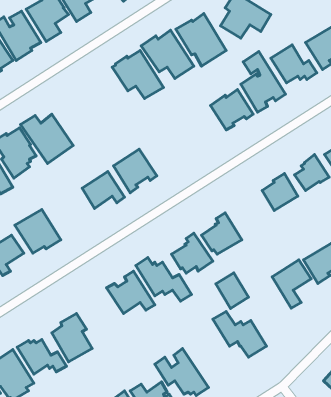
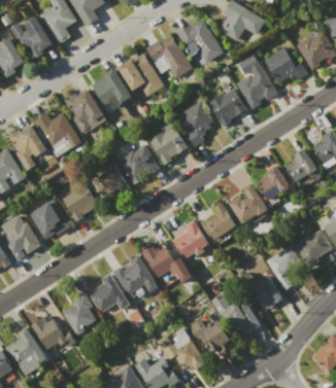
building: none -> [91,68,133,108]
building: none -> [65,90,107,135]
building: none -> [180,101,213,146]
building: none -> [149,121,190,165]
building: none -> [229,182,268,224]
building: none -> [63,184,98,221]
building: [216,273,248,309] -> [253,276,282,309]
building: none -> [89,273,130,313]
building: none -> [197,319,235,354]

